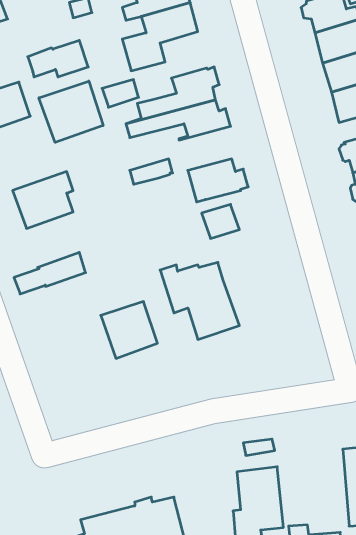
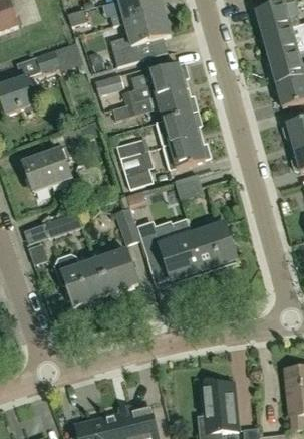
building: [39,81,103,142] -> none
building: none -> [156,111,202,146]
building: none -> [119,149,155,189]
building: none -> [114,207,140,243]
building: none -> [191,215,236,269]
building: none -> [54,255,105,306]

